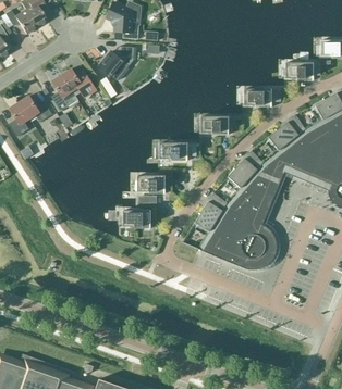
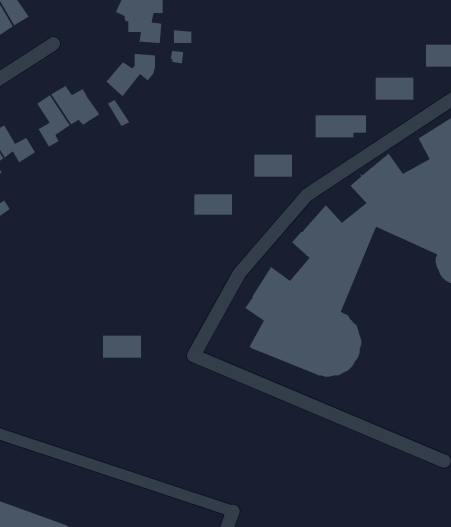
building: [137,176,164,193] -> none
building: [123,211,150,228] -> [102,335,142,360]

